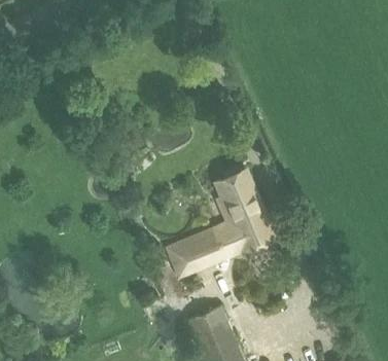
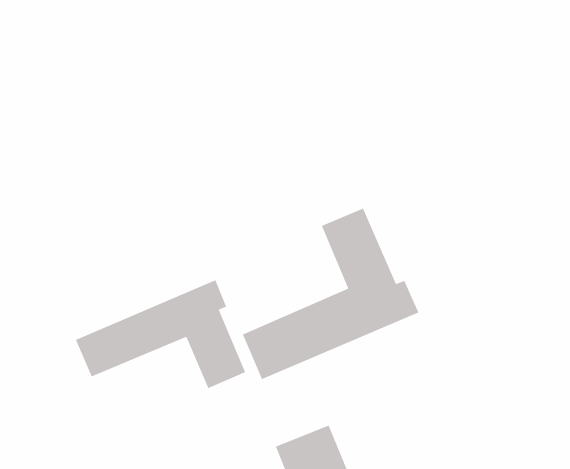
building: none -> [75,279,246,389]

